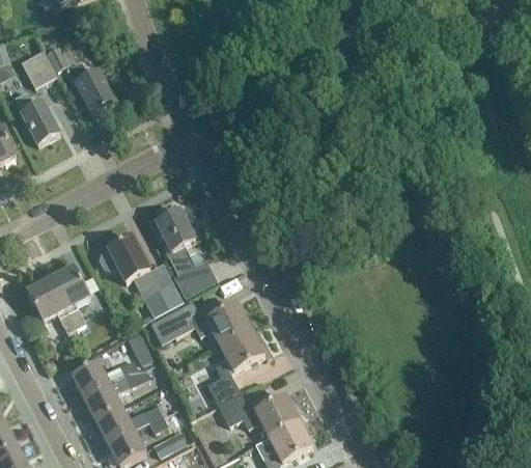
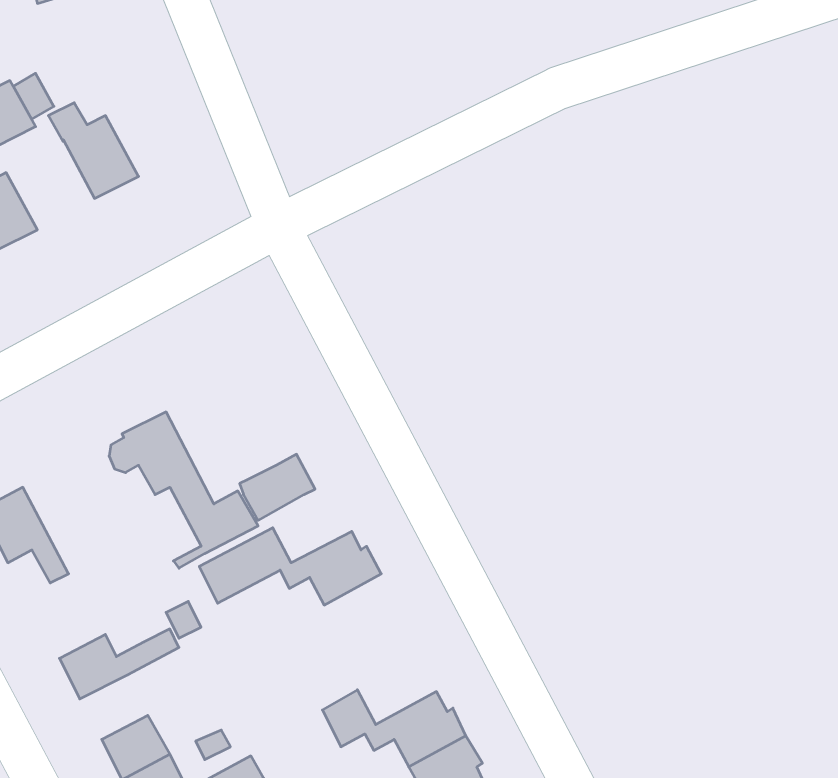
building: [153,209,194,273] -> none
building: [50,265,88,326] -> none
building: [207,326,262,403] -> none
building: [82,366,147,419] -> none

